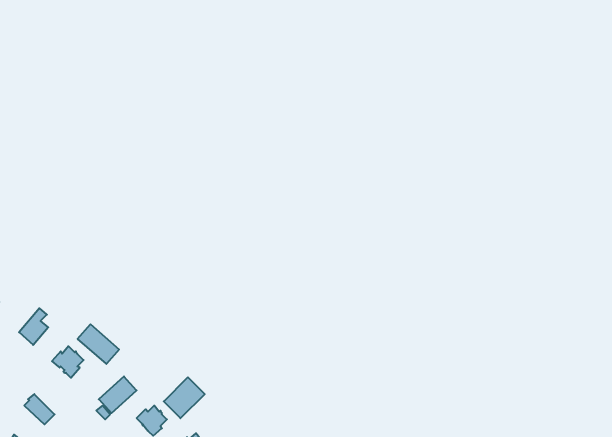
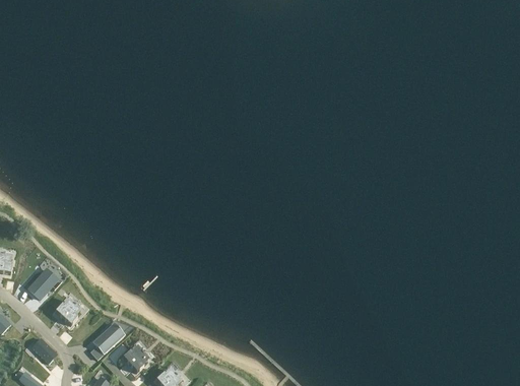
building: [78,324,119,364] -> none
building: [164,377,205,418] -> none

